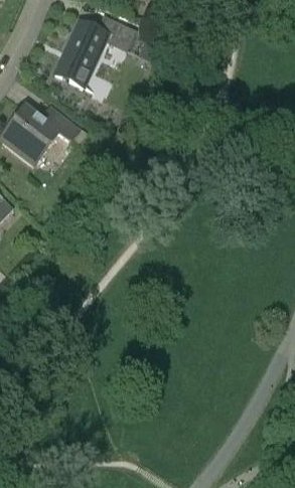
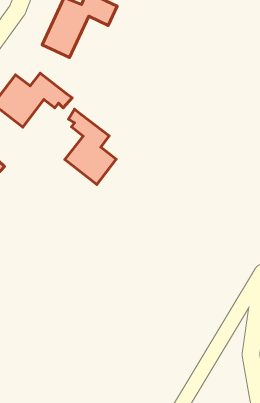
building: none -> [65,109,116,185]

